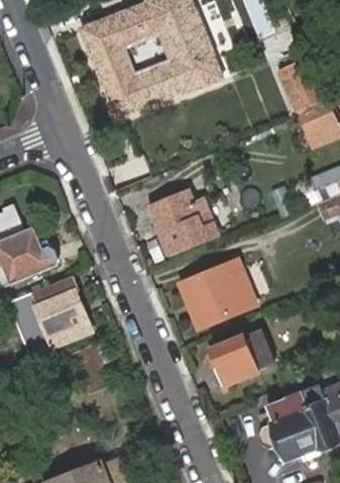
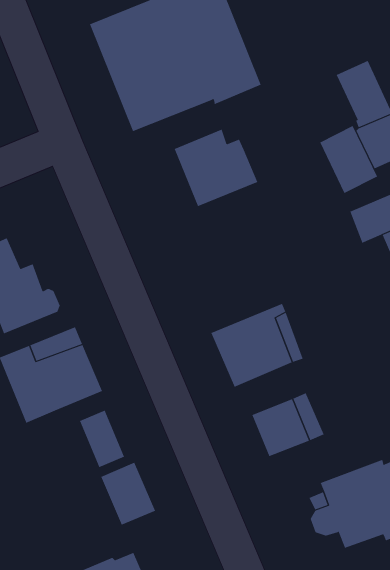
building: none -> [319,125,378,194]
building: [147,190,216,254] -> [174,129,258,207]
building: none -> [100,462,156,525]

